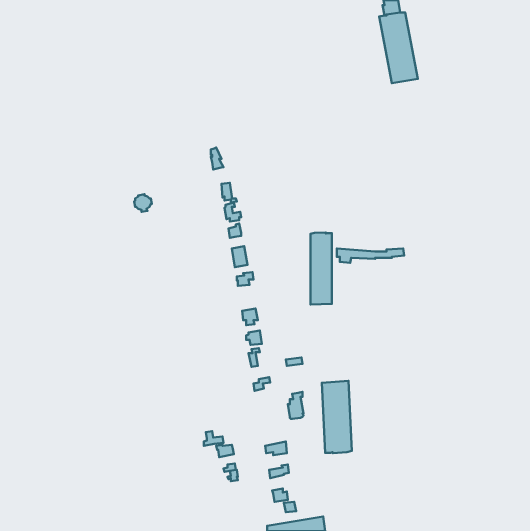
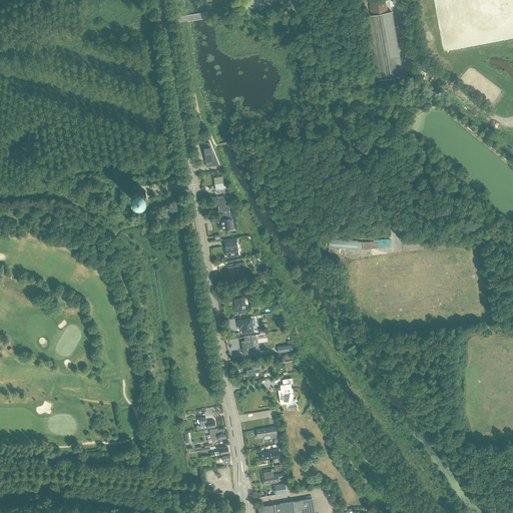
building: [310,232,332,305] -> none
building: [322,381,352,453] -> none

